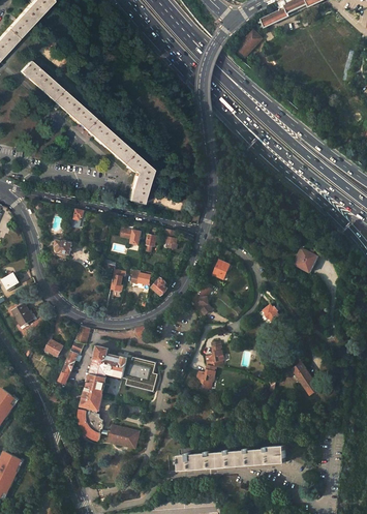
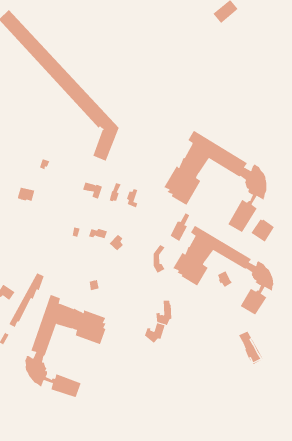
building: none -> [164,130,267,233]
building: none -> [173,225,274,315]
building: [169,445,285,471] -> none

